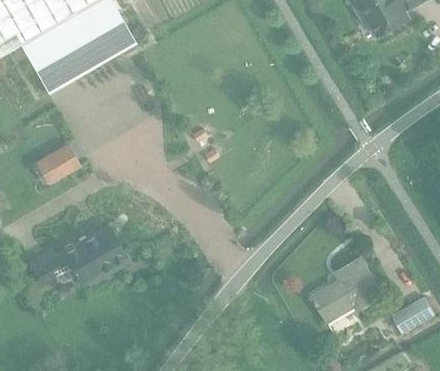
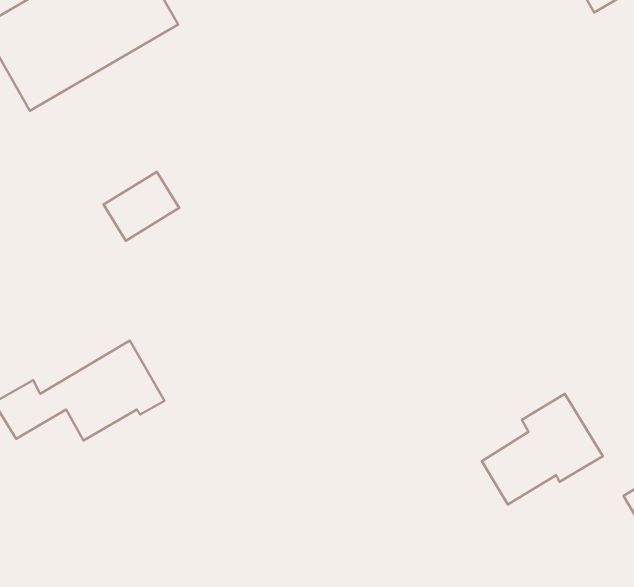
building: [35,143,79,183] -> [103,172,179,241]

